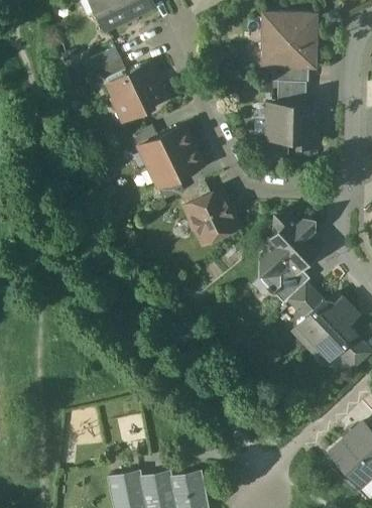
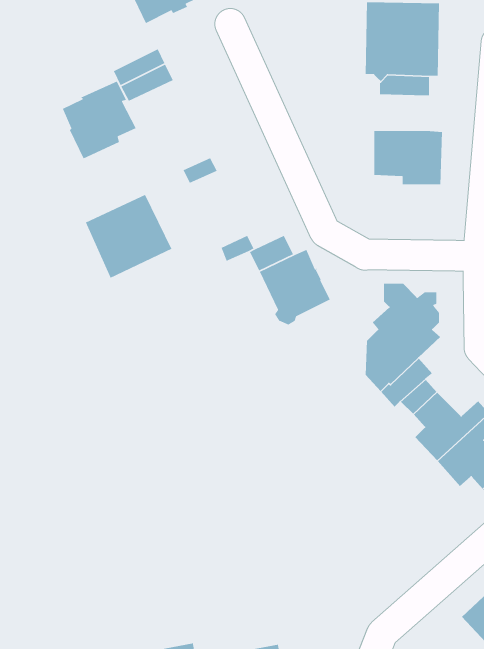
building: [110,64,163,120] -> [62,80,137,160]
building: [278,82,305,106] -> none
building: [140,126,203,186] -> [85,194,172,279]

